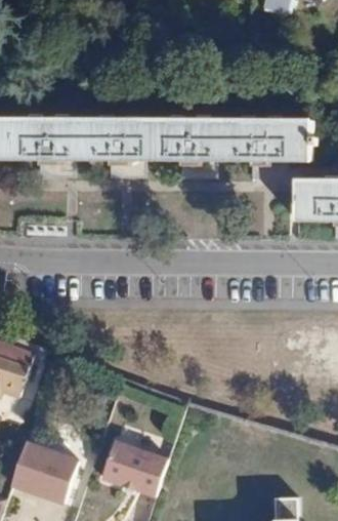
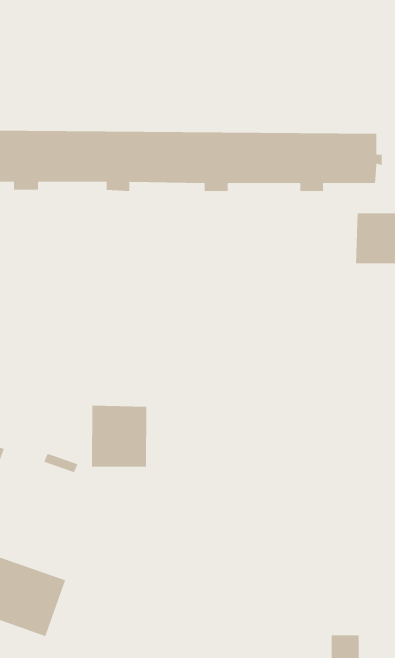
building: none -> [91,405,147,468]
building: [101,444,167,500] -> none

